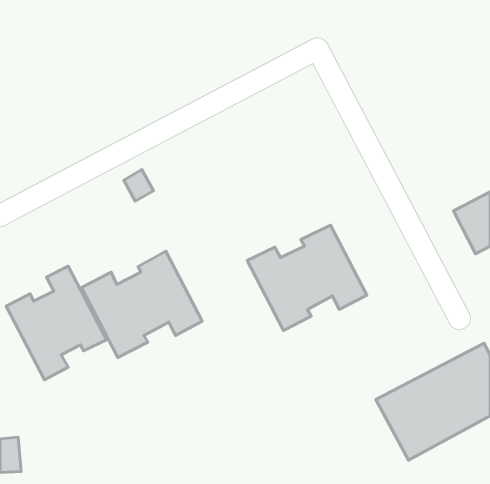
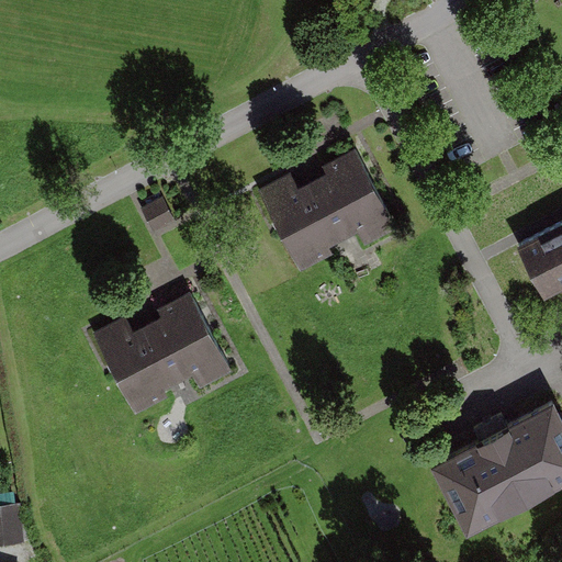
building: [247,225,367,330] -> [260,151,397,272]
building: [6,266,106,380] -> none

